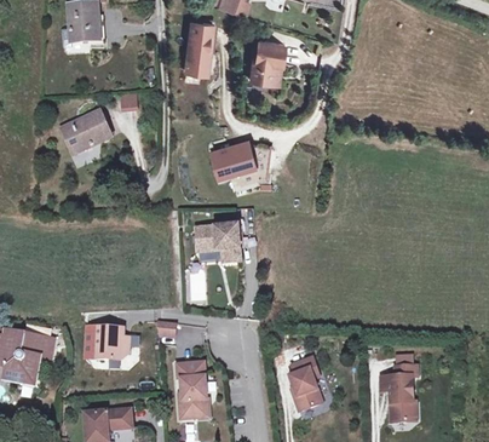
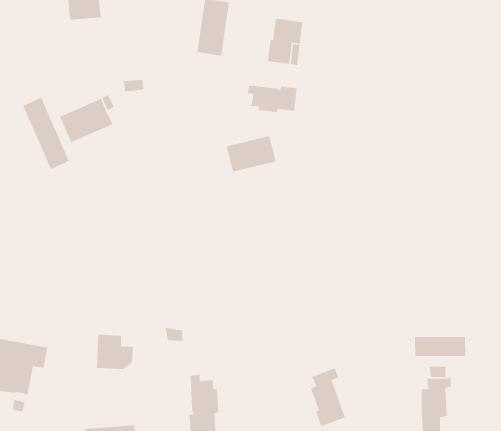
building: none -> [247,85,297,113]
building: none -> [22,97,70,170]
building: [196,226,241,263] -> none
building: none -> [414,336,466,357]

